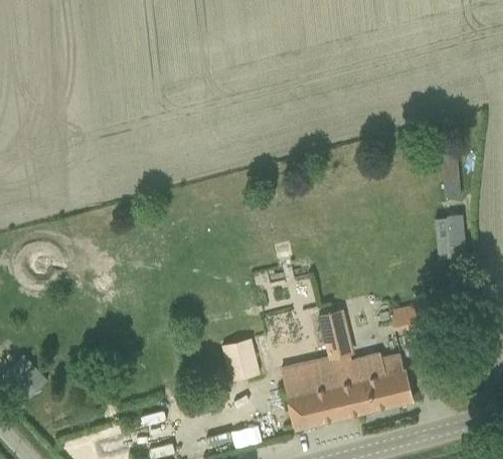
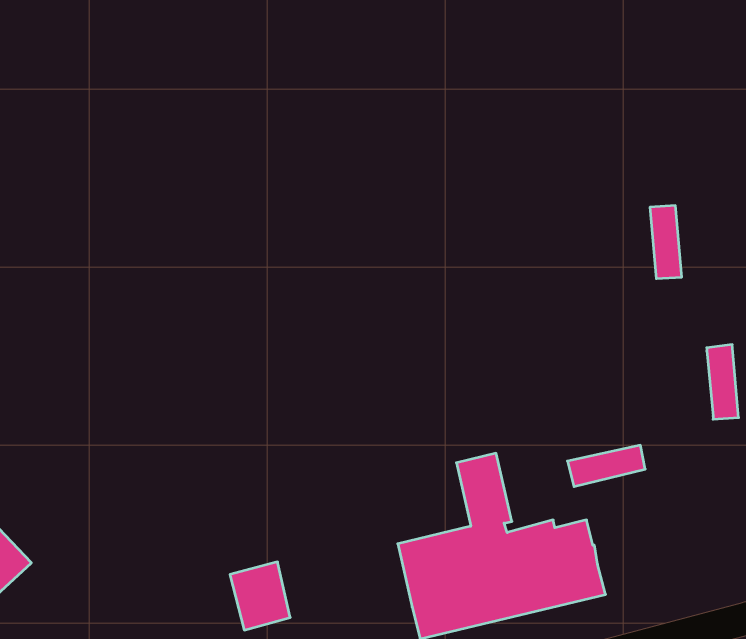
building: [446,215,466,263] -> [707,345,739,419]
building: [220,338,259,381] -> [230,562,290,630]

